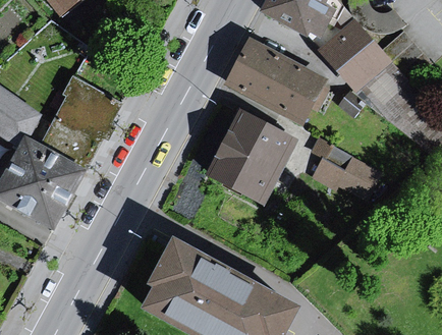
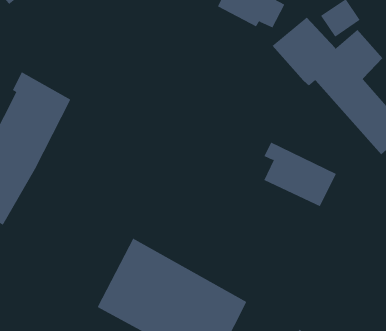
building: [222,44,326,131] -> none
building: [207,118,294,210] -> none

